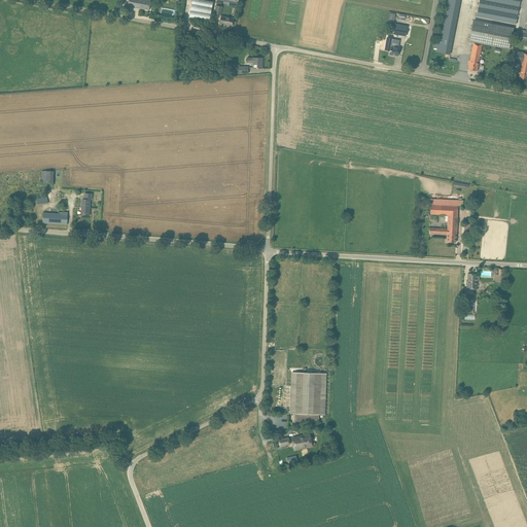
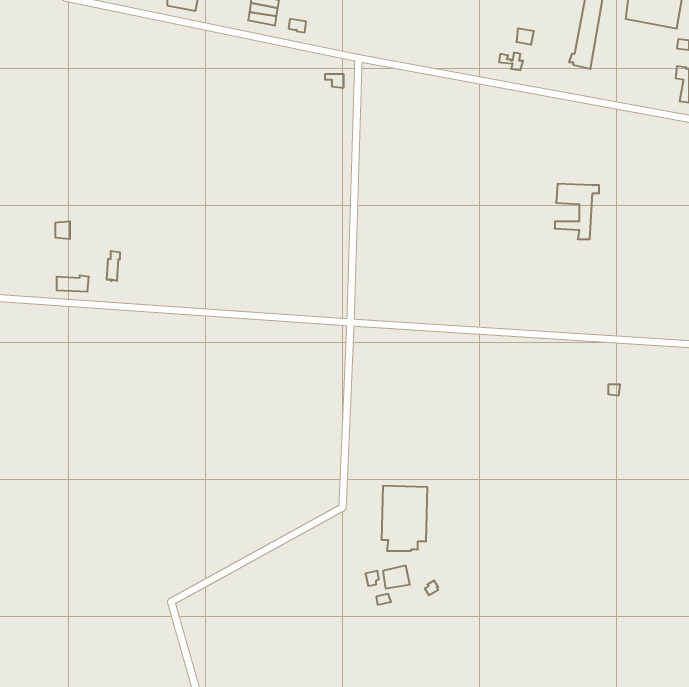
building: [468,19,514,69] -> none
building: [429,198,463,240] -> [555,184,599,239]

